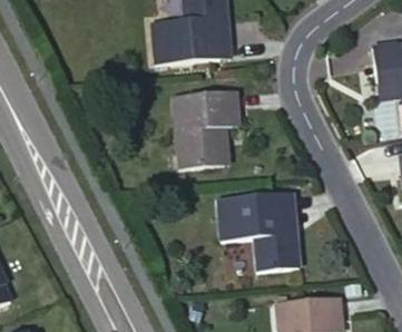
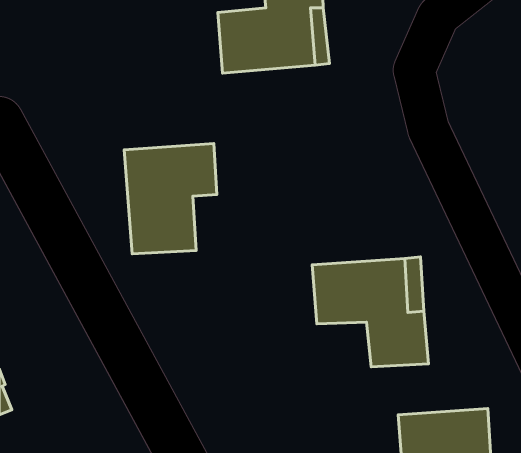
building: [175,90,239,167] -> [124,144,217,254]

